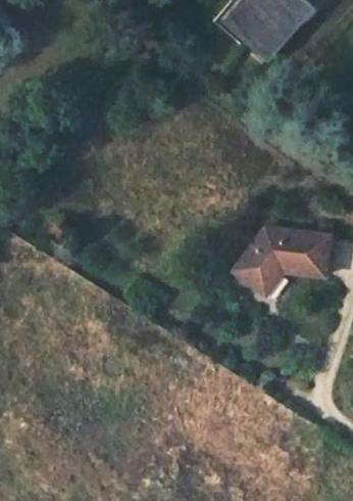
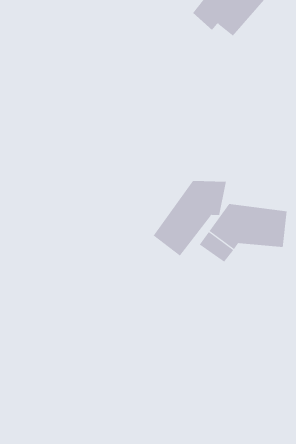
building: none -> [153,180,226,256]

